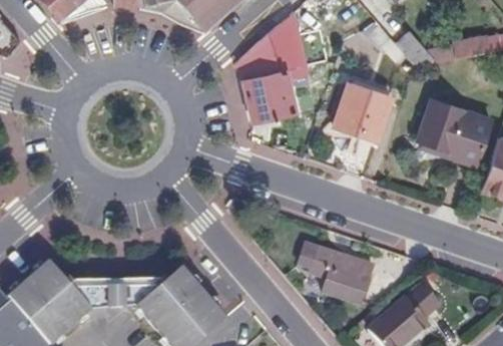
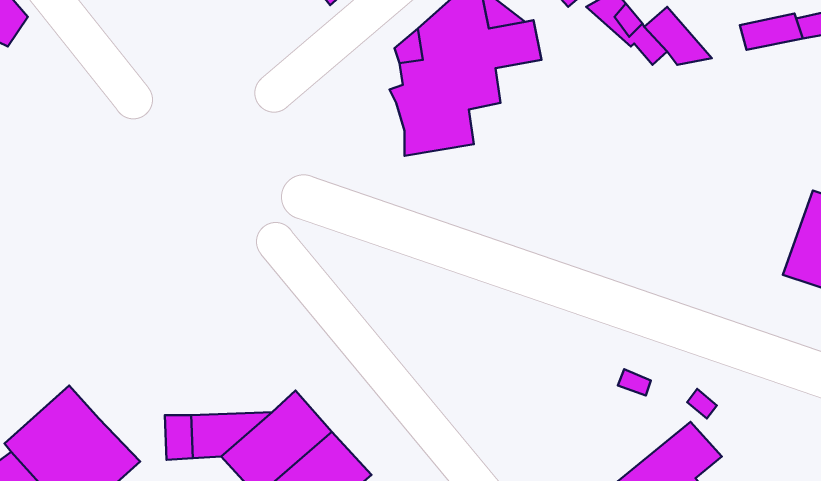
building: [331,82,389,139] -> none
building: [416,98,490,164] -> none
building: [302,244,373,305] -> none
building: [63,280,104,308] -> none

